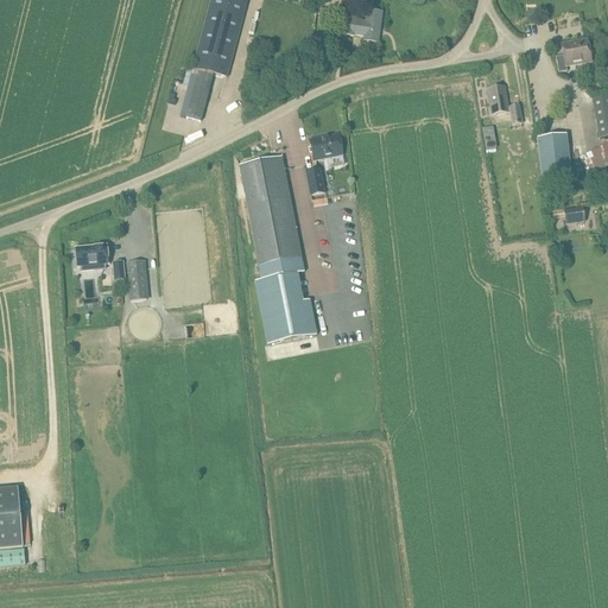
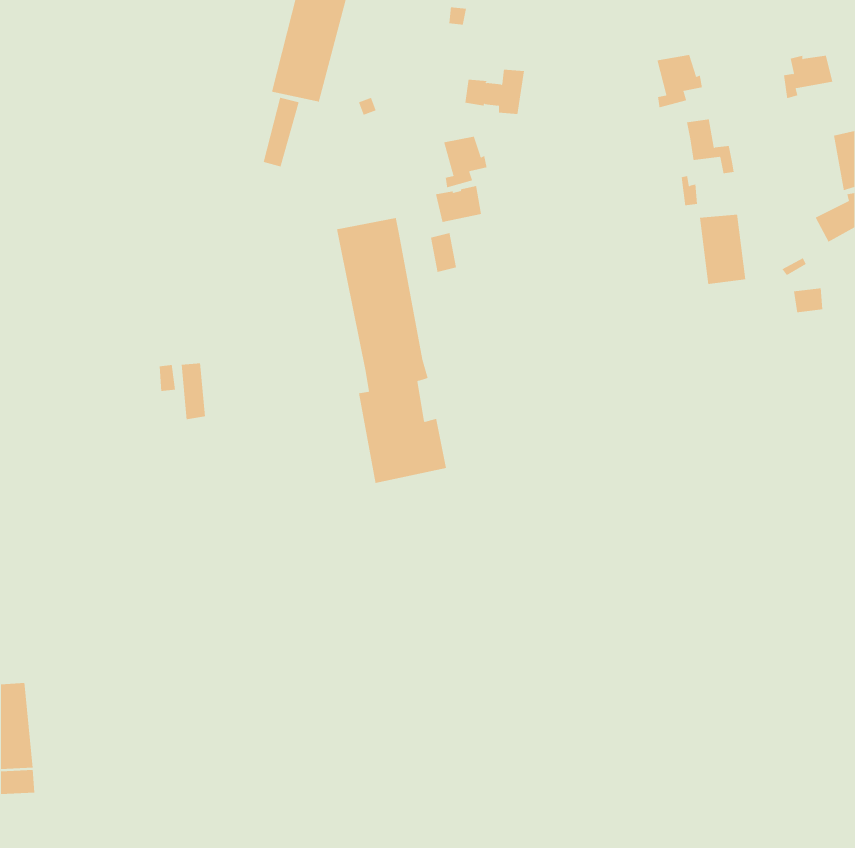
building: [340,7,382,39] -> [465,69,525,114]
building: none -> [657,54,702,108]
building: none -> [443,136,487,188]
building: [538,133,571,183] -> [699,214,746,284]
building: [75,242,108,268] -> none

